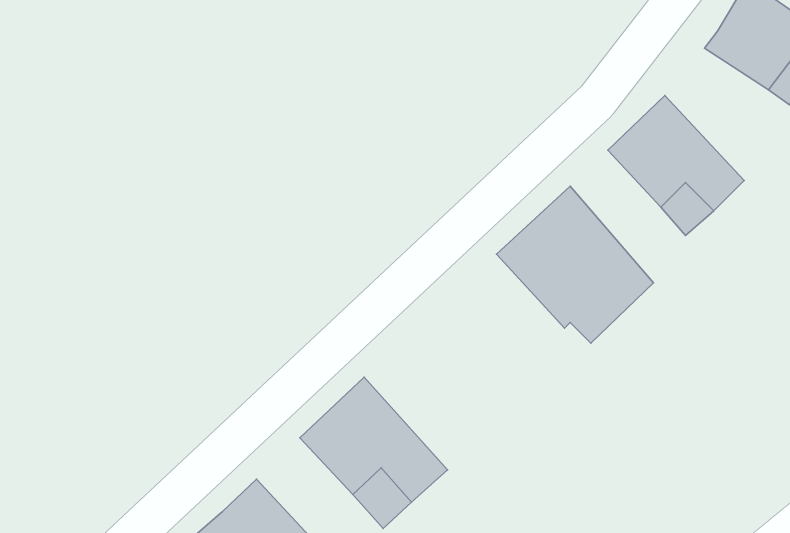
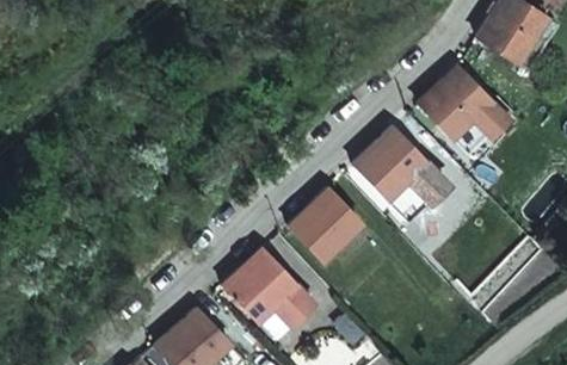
building: none -> [290,182,363,255]

